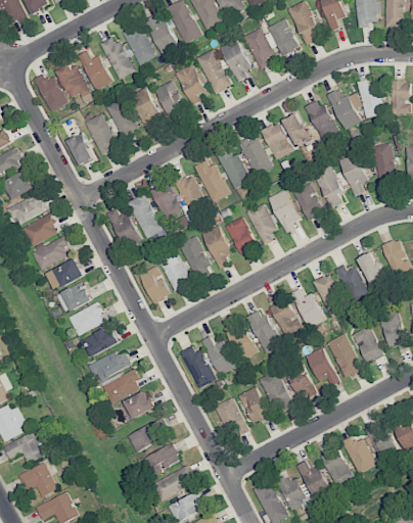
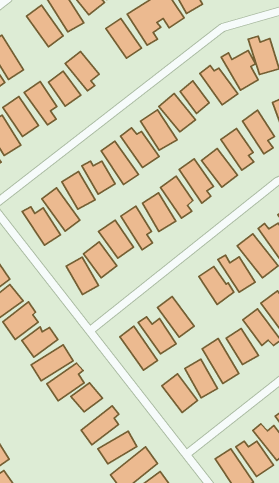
building: [123,28,156,65] -> none
building: [196,49,232,94] -> none
building: [247,308,280,353] -> none

